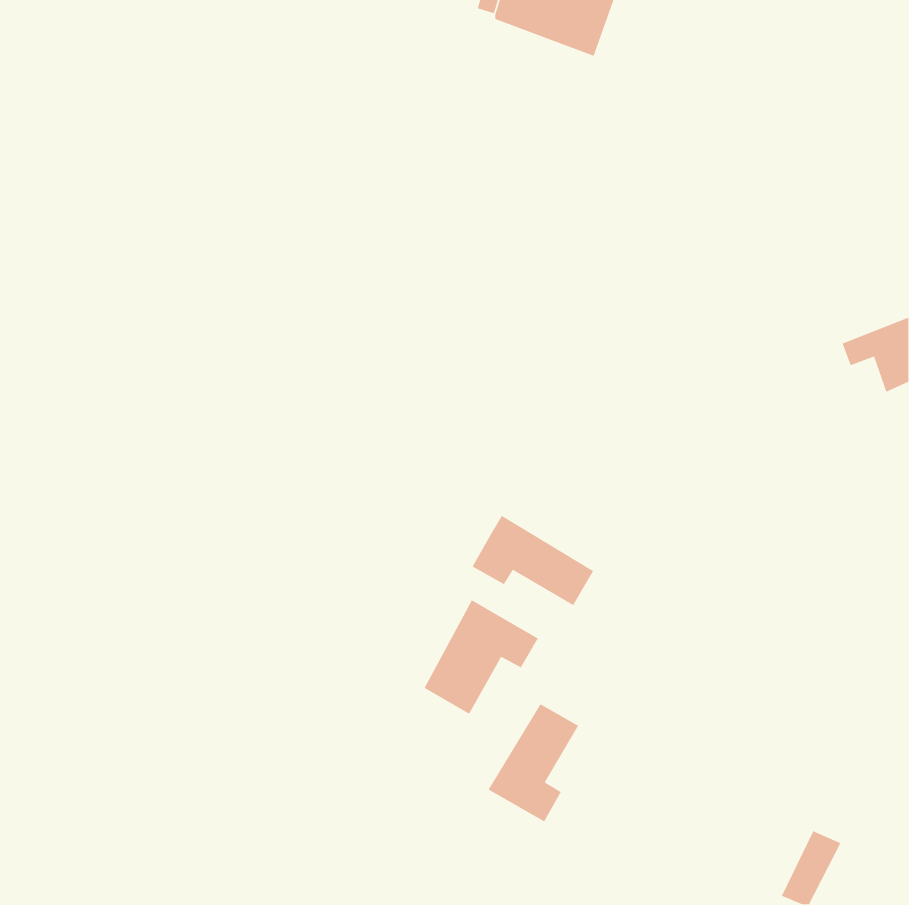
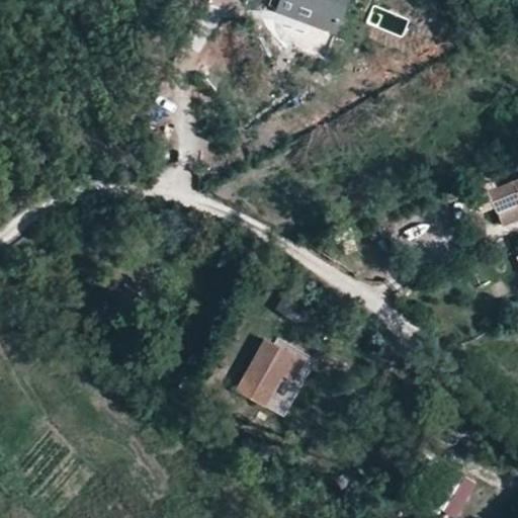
building: [472,515,594,606] -> none
building: [488,703,579,822] -> none

